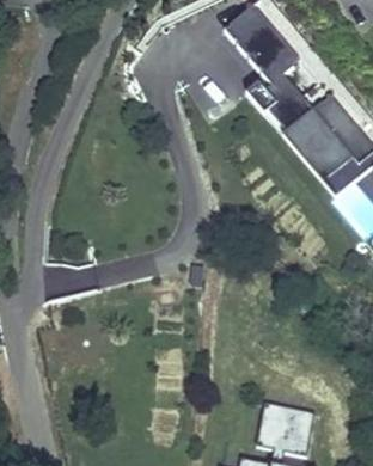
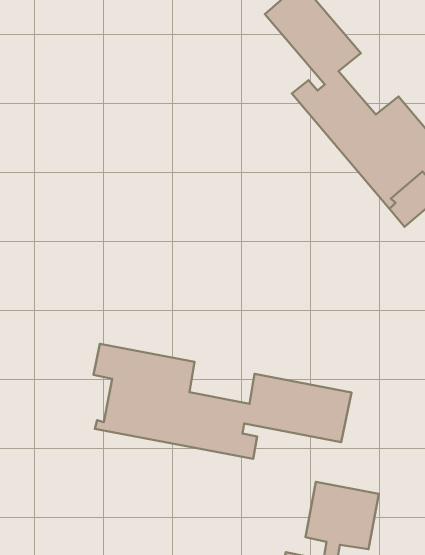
building: none -> [93,344,351,459]

